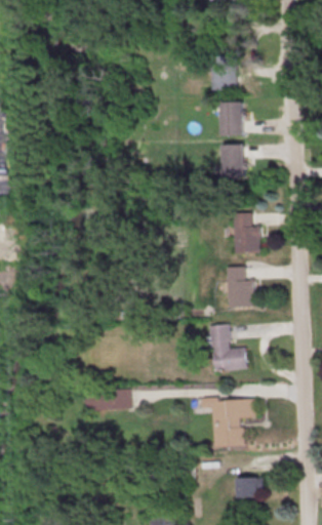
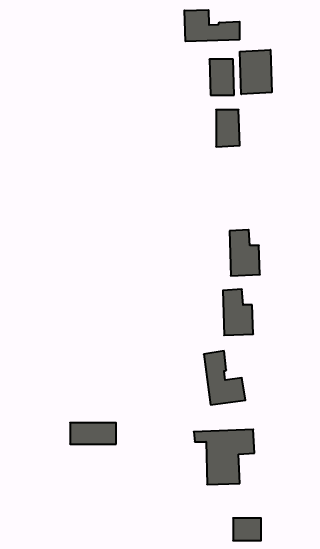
building: none -> [184,10,240,41]
building: none -> [240,50,272,94]
building: [222,146,244,179] -> none

